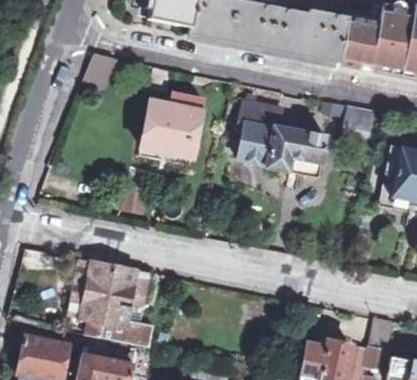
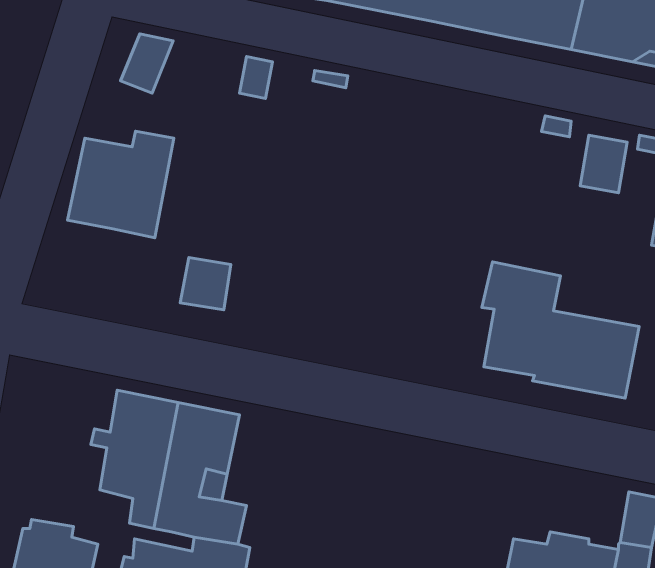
building: [142,96,203,157] -> [67,131,174,238]
building: [236,100,326,178] -> [482,262,639,398]

